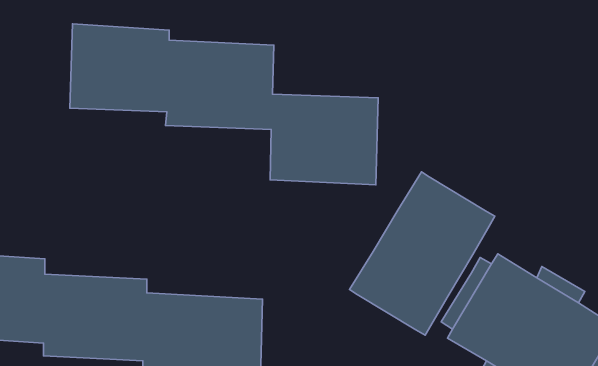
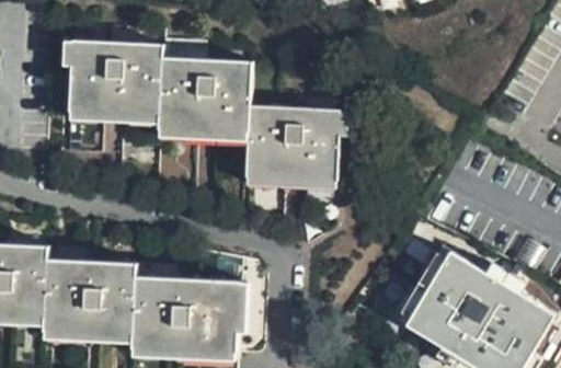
building: [350,172,495,335] -> none

